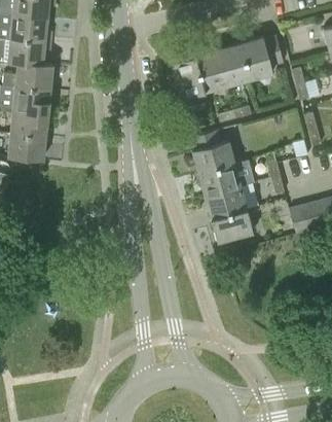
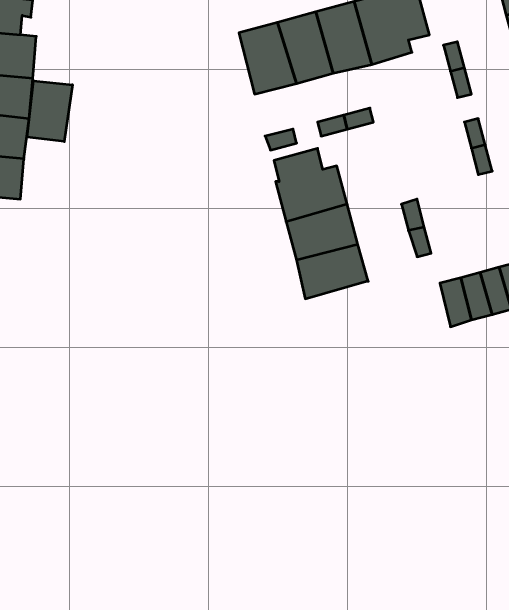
building: none -> [27,81,72,142]
building: [211,208,253,242] -> none

